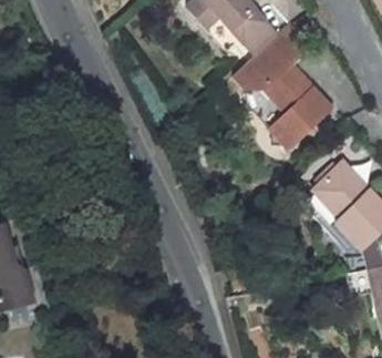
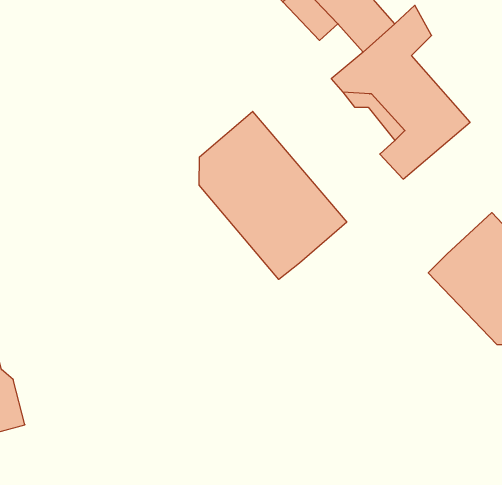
building: none -> [199,111,347,279]

